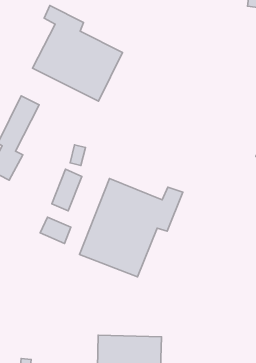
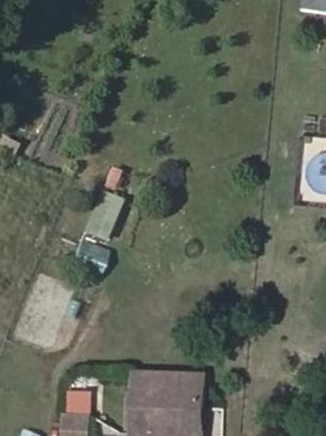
building: [33,6,122,101] -> none
building: [80,178,183,277] -> none

